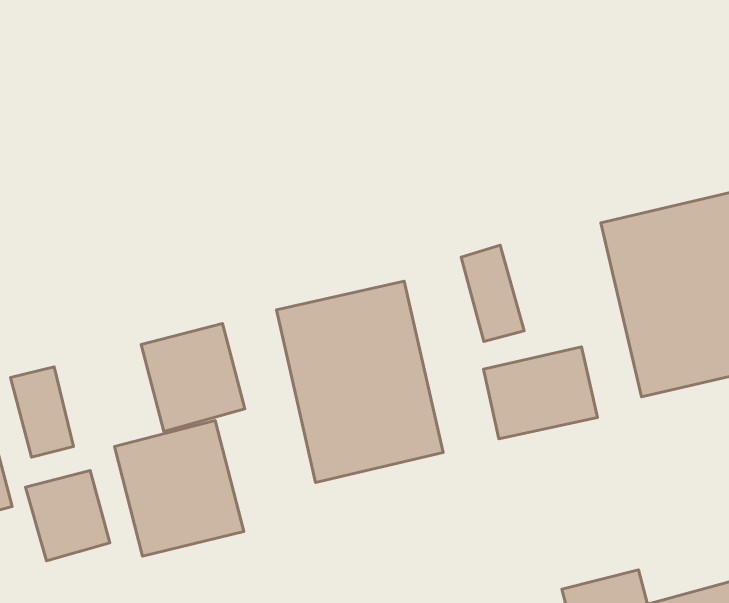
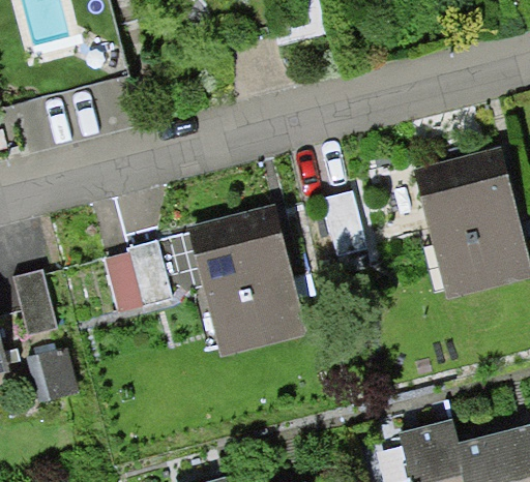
building: [483,347,598,439] -> none
building: [114,420,244,556] -> none

